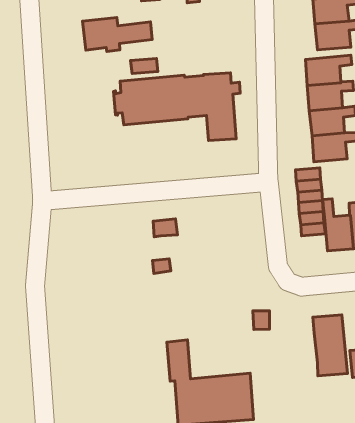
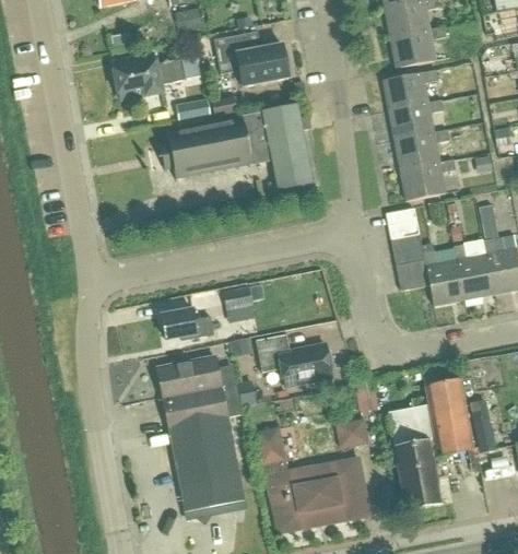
building: none -> [214,33,289,86]
building: none -> [162,309,213,340]
building: none -> [256,332,331,385]
building: none -> [156,356,244,509]
building: none -> [389,403,440,508]
building: none -> [337,419,367,447]

